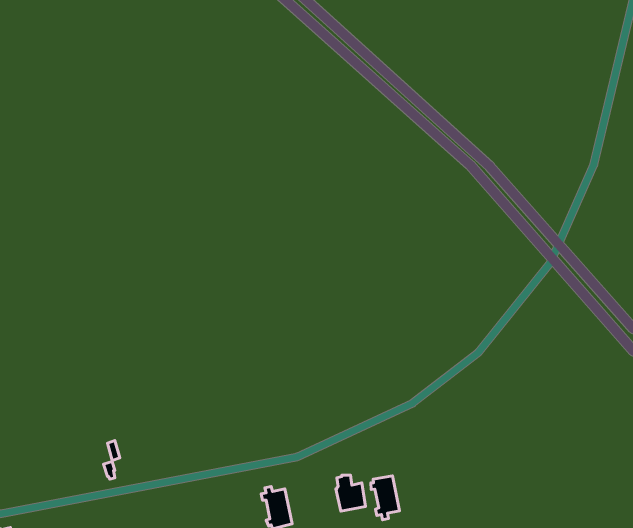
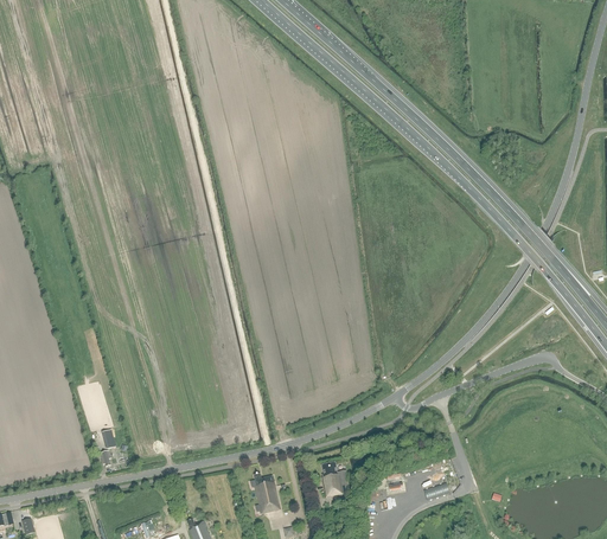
building: [371,476,399,520] -> none

